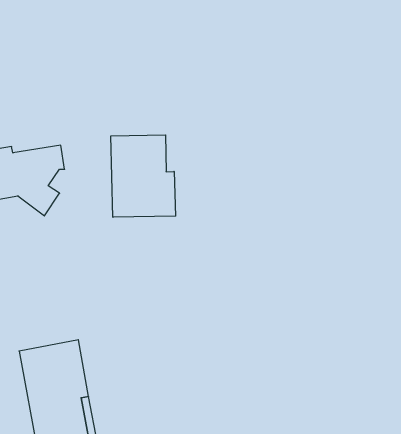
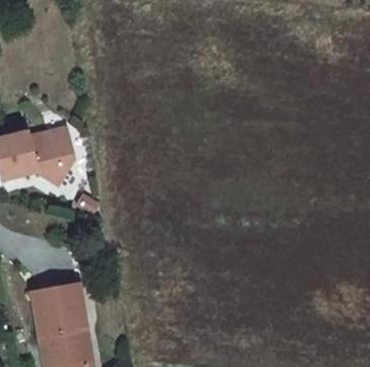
building: [111,135,176,217] -> none

